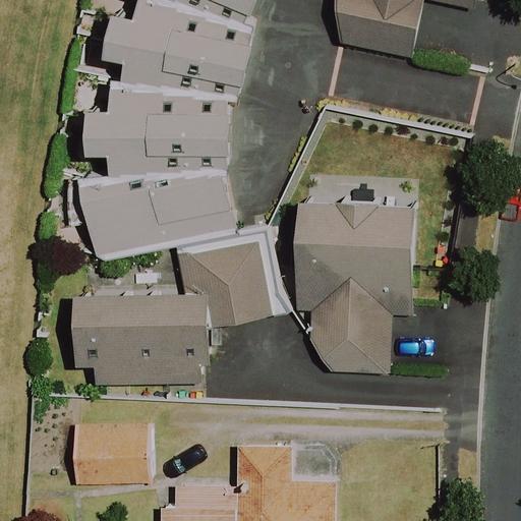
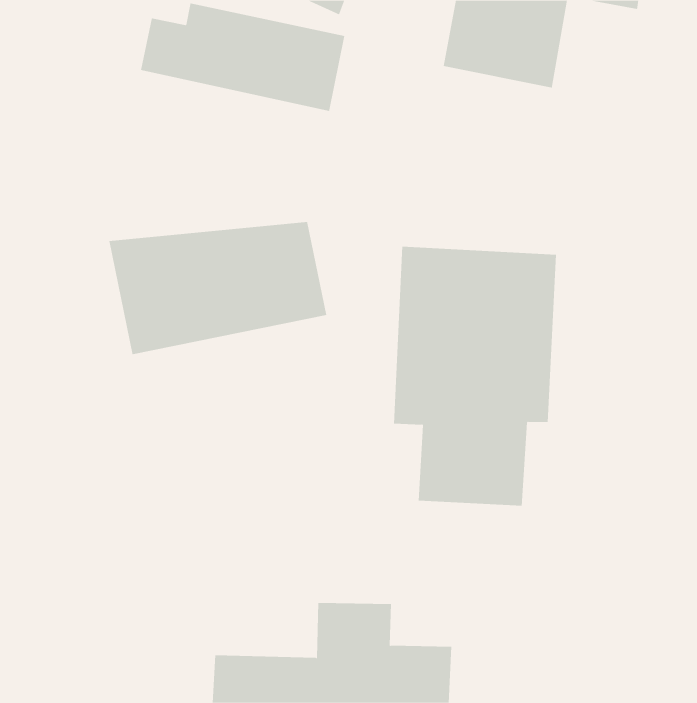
building: [88,85,238,154] -> none
building: [73,240,268,386] -> none
building: [70,423,147,482] -> none

